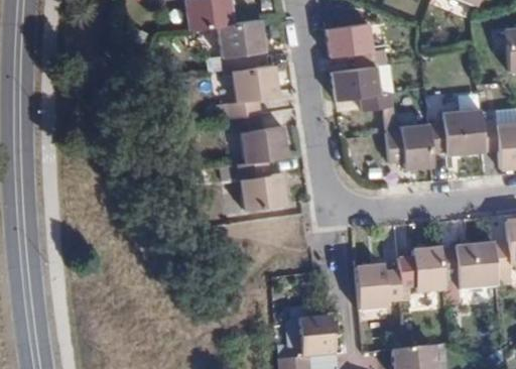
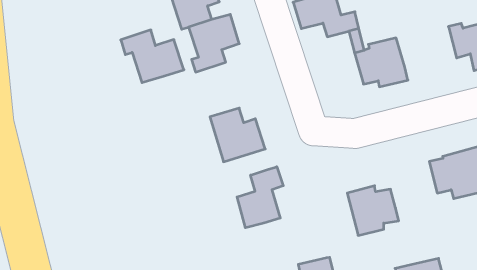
building: [429,106,486,153] -> none
building: [227,118,284,168] -> [121,30,184,83]
building: none -> [237,167,283,228]
building: [399,246,446,292] -> none

